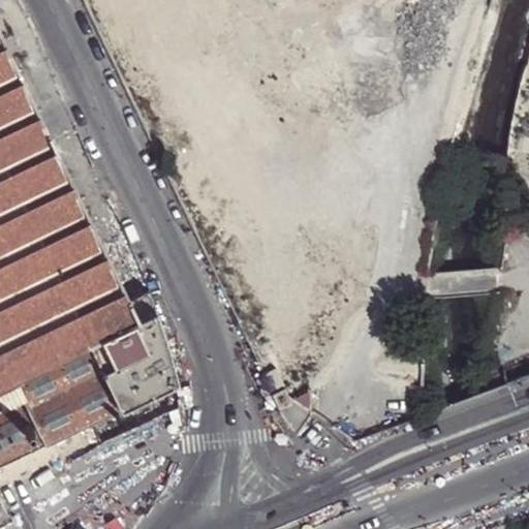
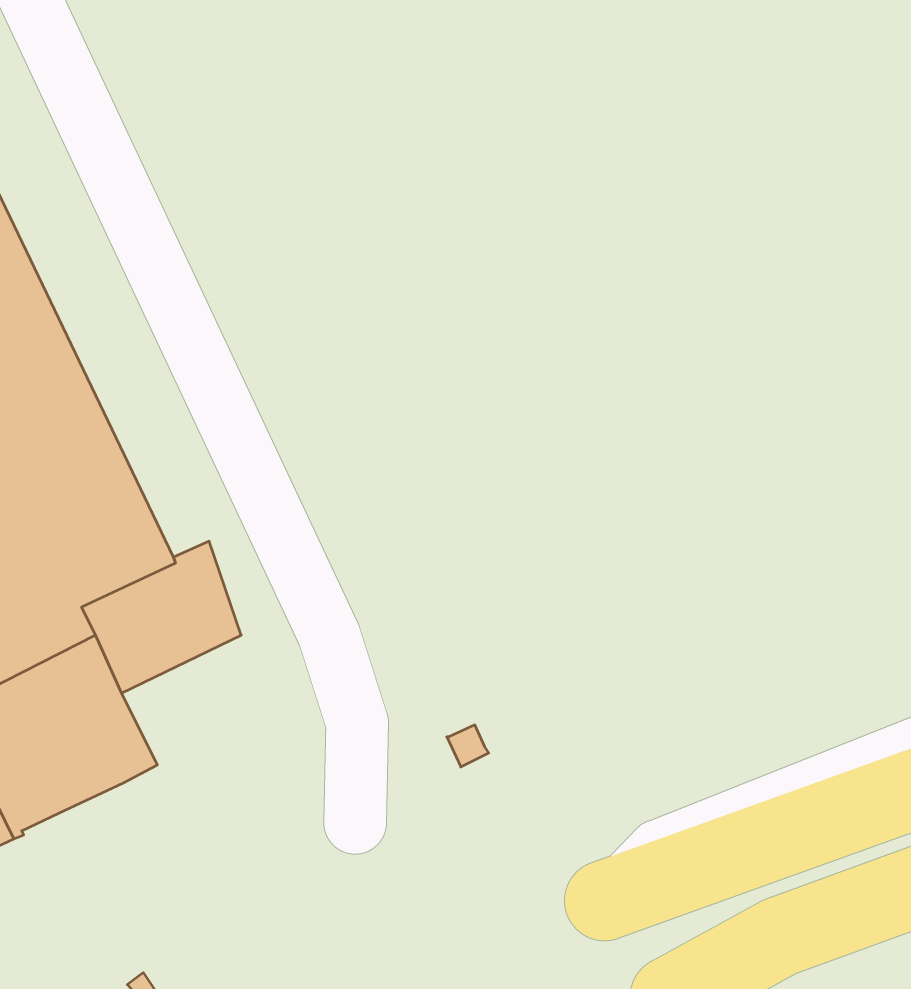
building: [98,344,174,411] -> none

